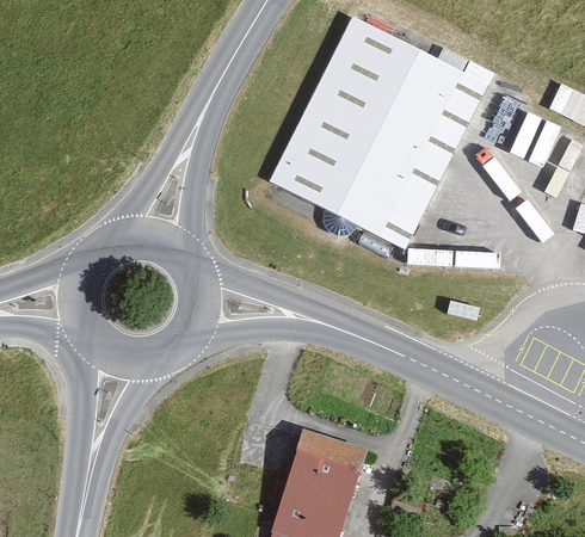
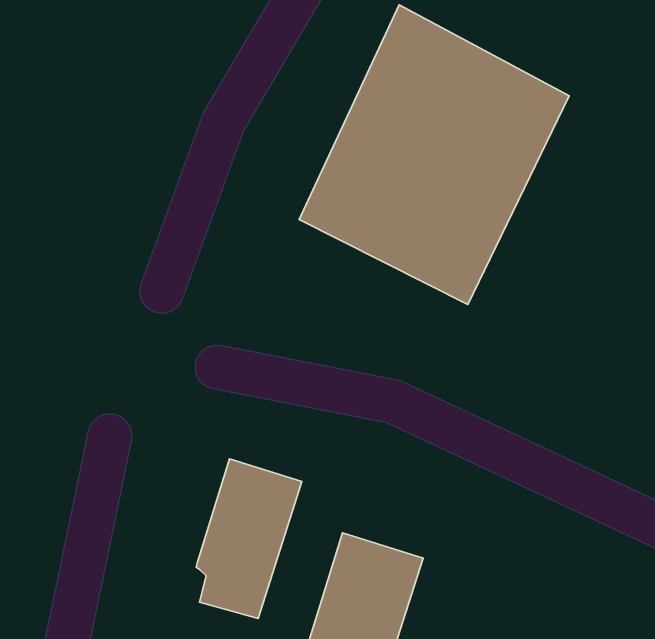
building: none -> [196,459,302,619]

